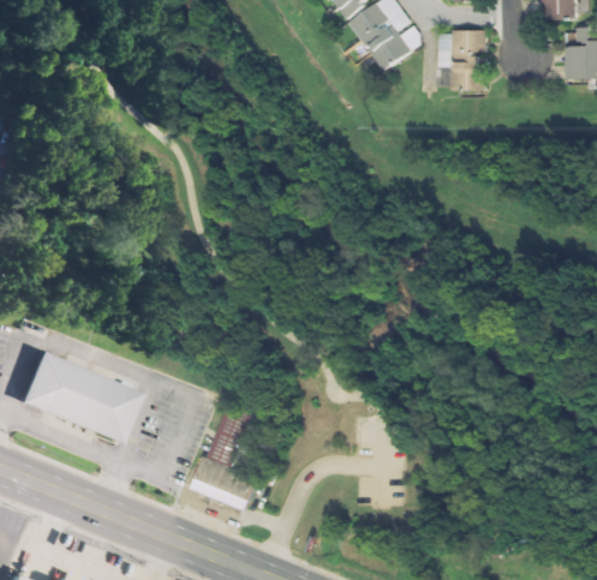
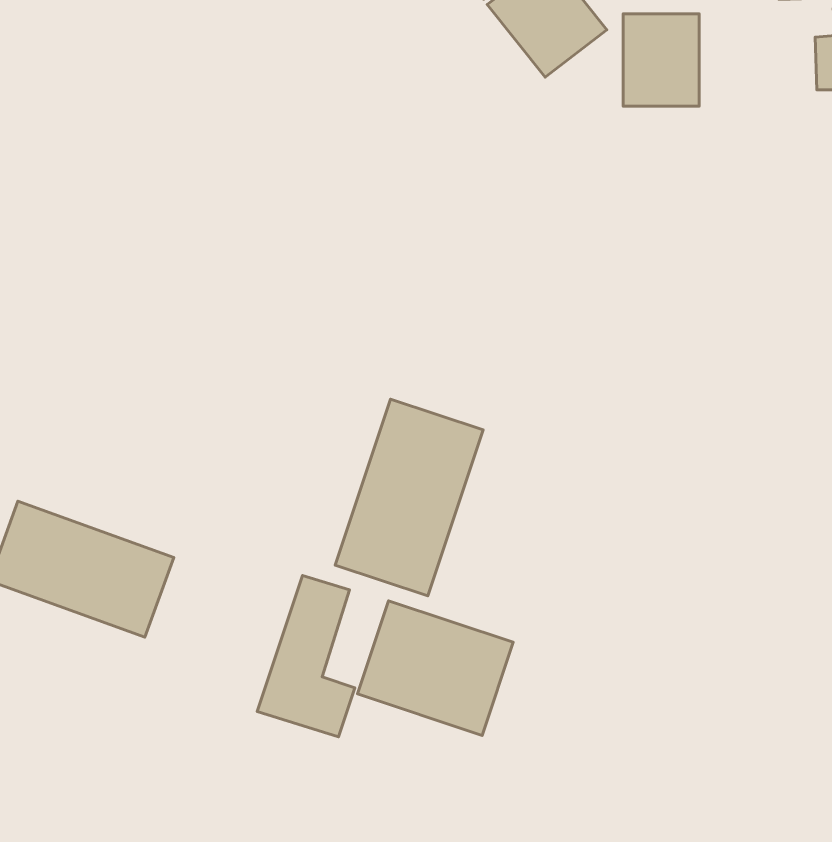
building: none -> [335,399,483,596]
building: none -> [358,601,513,735]

